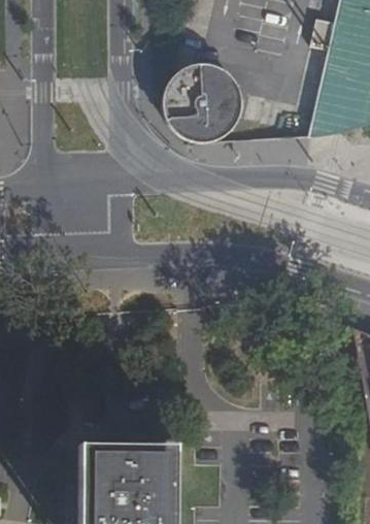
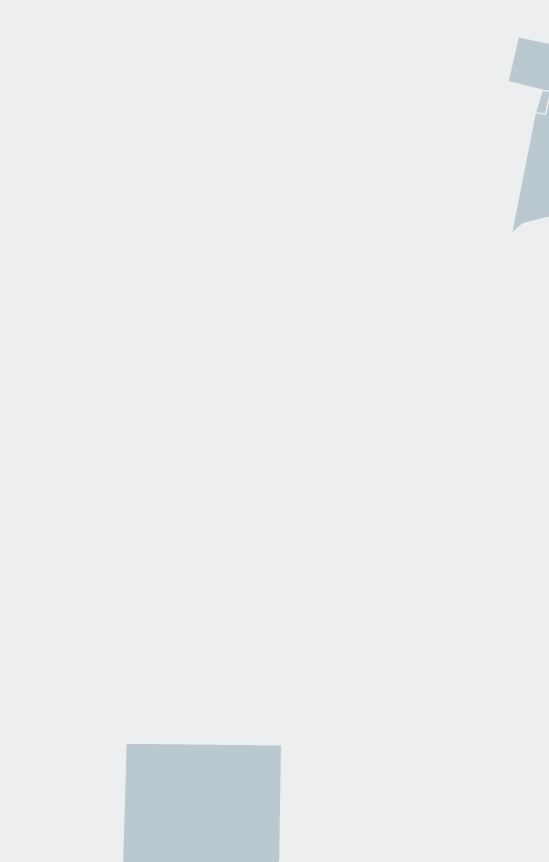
building: [163,63,244,146] -> none

